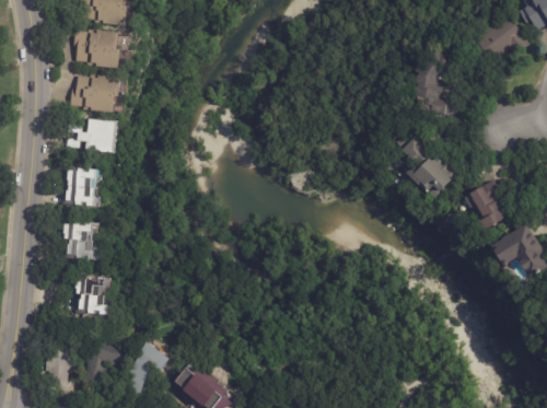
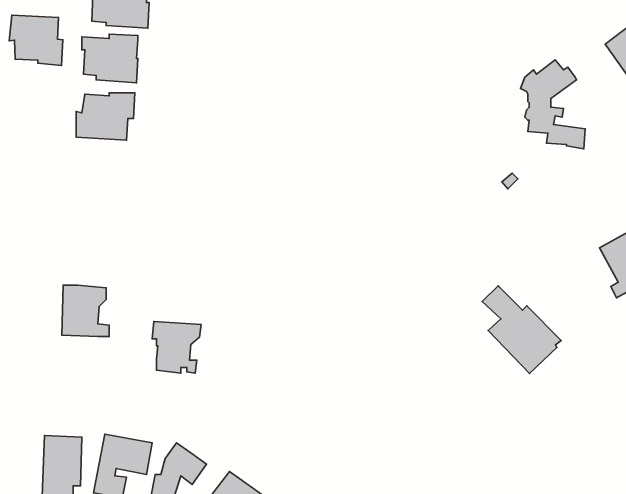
building: none -> [9,15,63,66]
building: [69,119,116,153] -> none
building: [401,138,462,205] -> [482,286,561,373]
building: [65,167,102,208] -> none
building: [71,276,108,315] -> [152,322,201,373]

